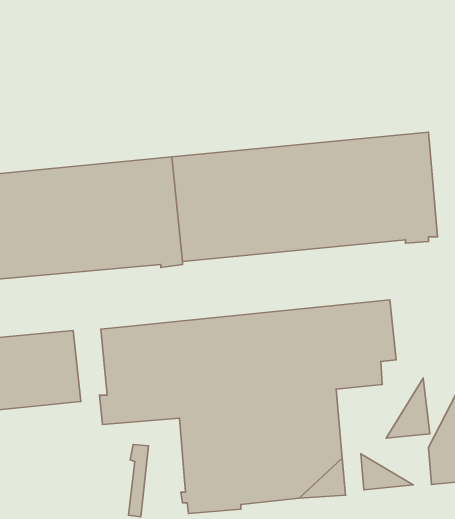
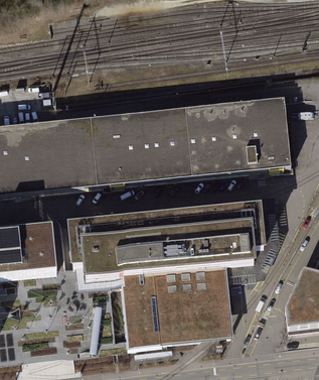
building: [386,378,430,438] -> none
building: [361,454,413,490] -> none

